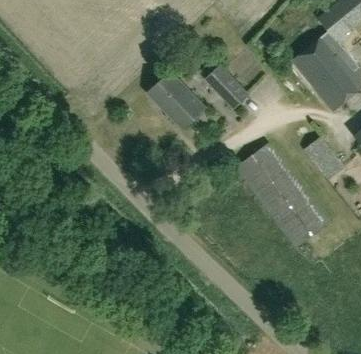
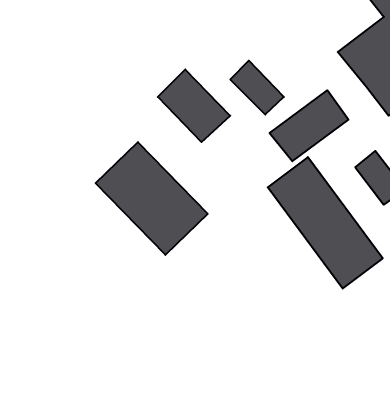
building: none -> [270,90,348,161]
building: none -> [96,142,208,255]

